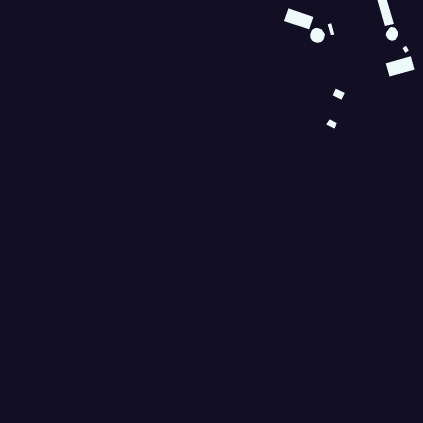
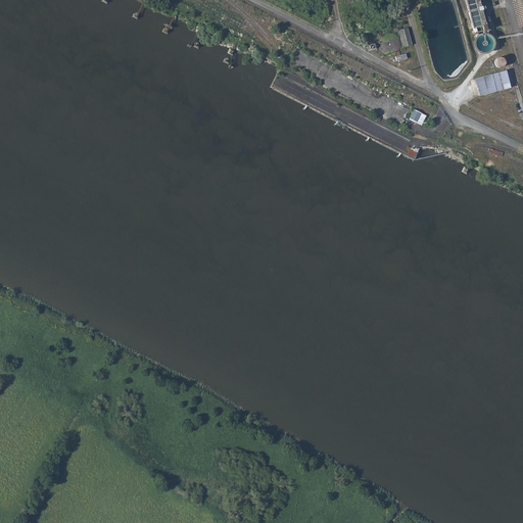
building: [283,8,314,30] -> none

